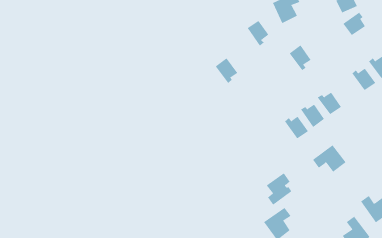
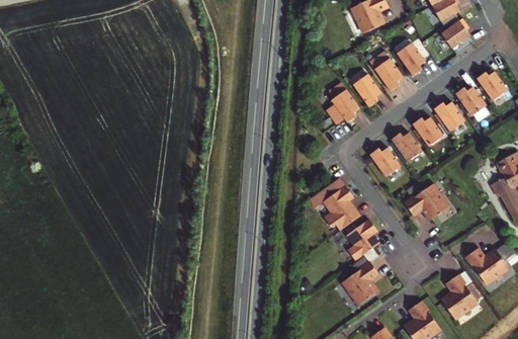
building: [247,20,269,46] -> [352,74,380,107]
building: none -> [396,43,425,76]
building: [215,58,238,84] -> [330,89,359,122]
building: none -> [432,102,462,132]
building: none -> [321,186,359,232]

